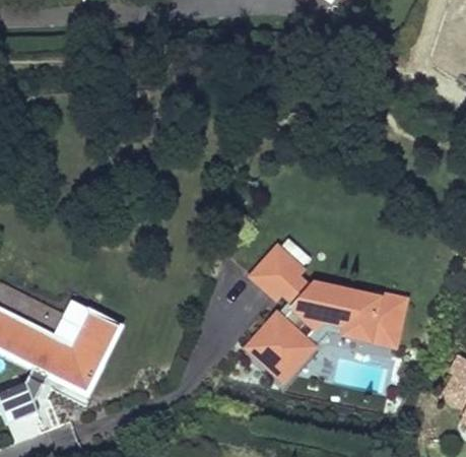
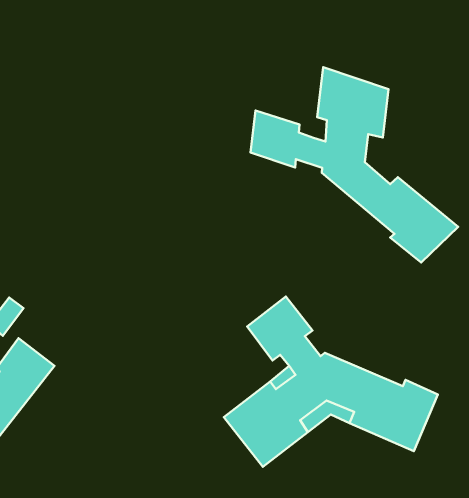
building: none -> [250,67,458,263]

